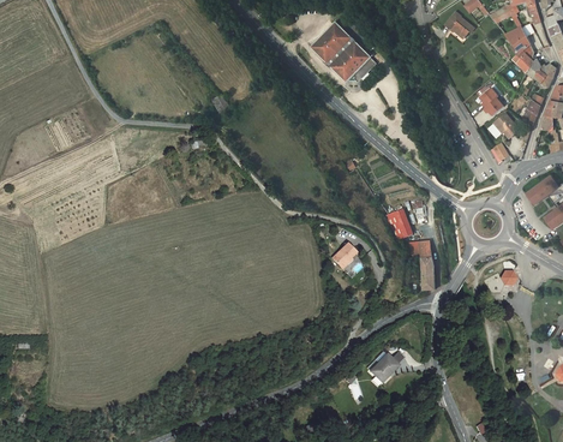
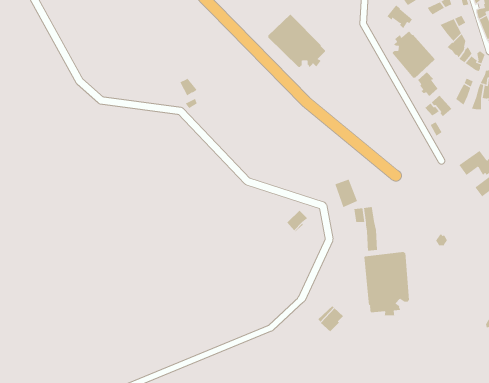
building: none -> [392,31,435,78]
building: none -> [364,251,410,316]

